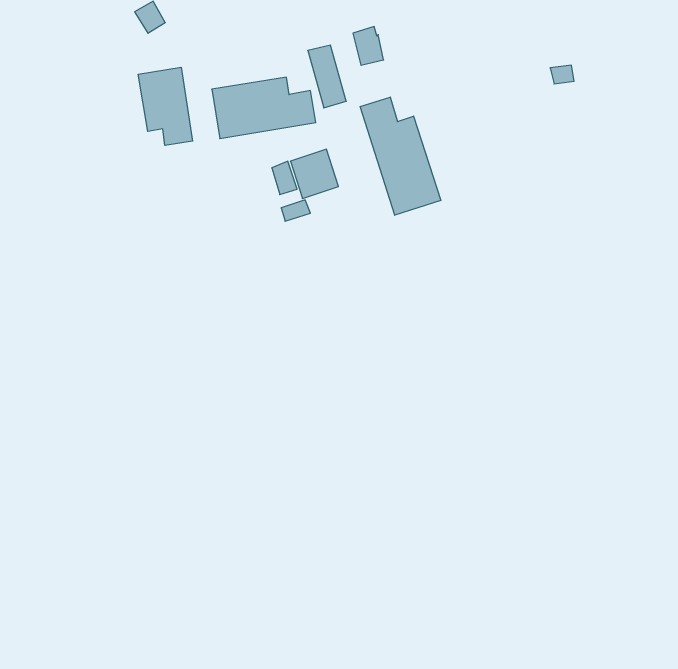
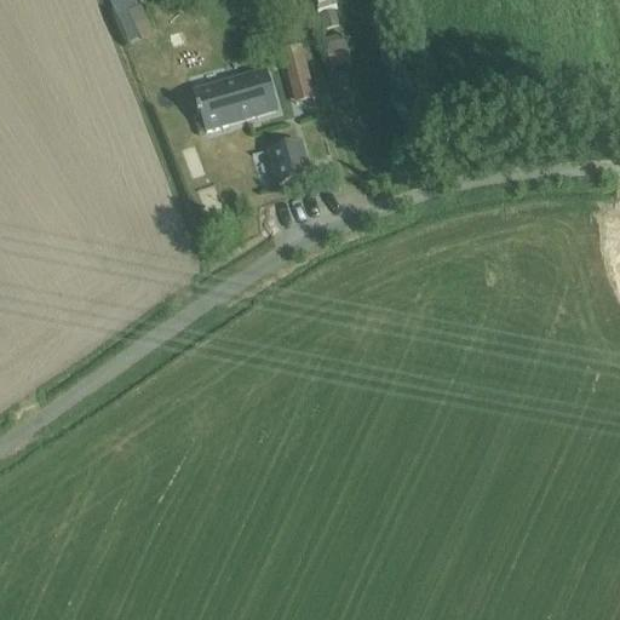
building: [138,67,193,145] -> none
building: [360,97,441,215] -> none

